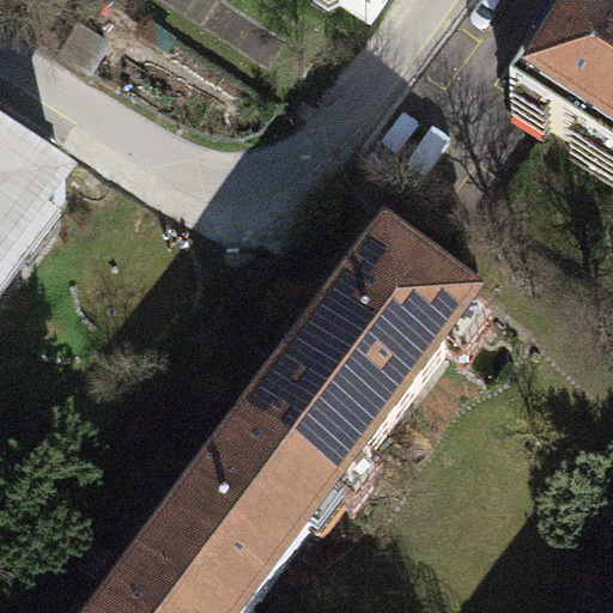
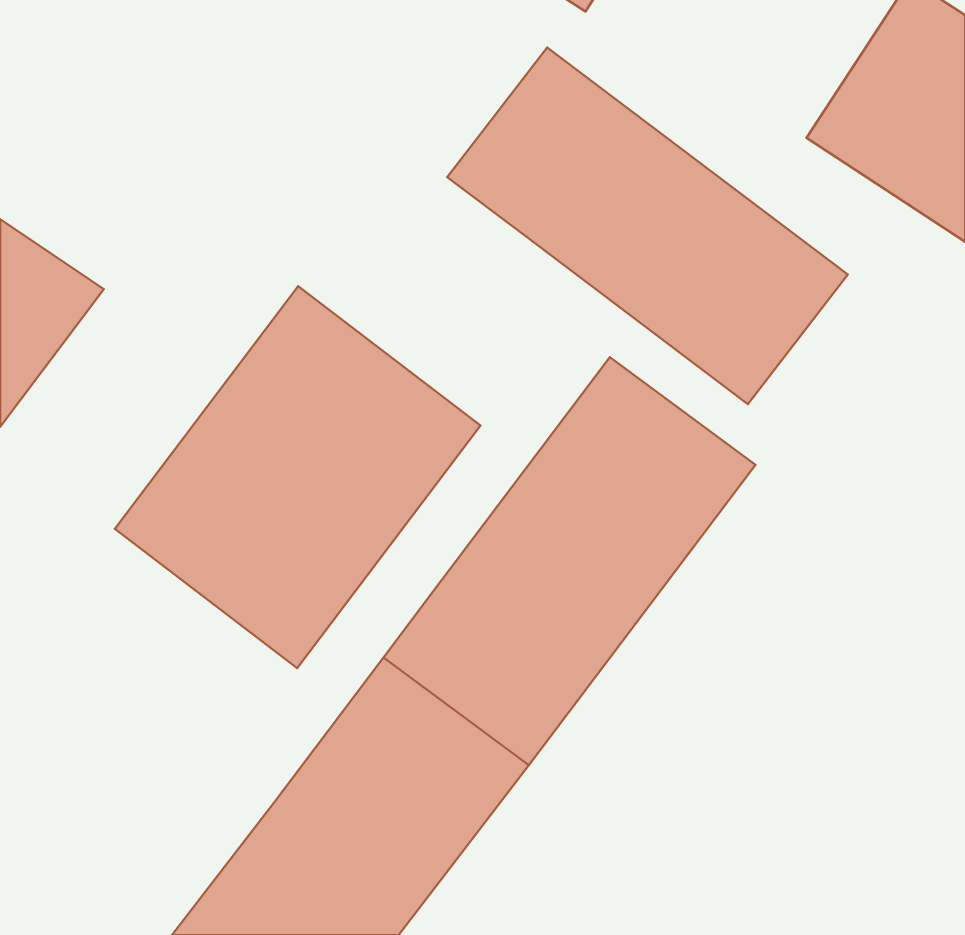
building: none -> [447,47,848,404]
building: none -> [115,286,480,668]

